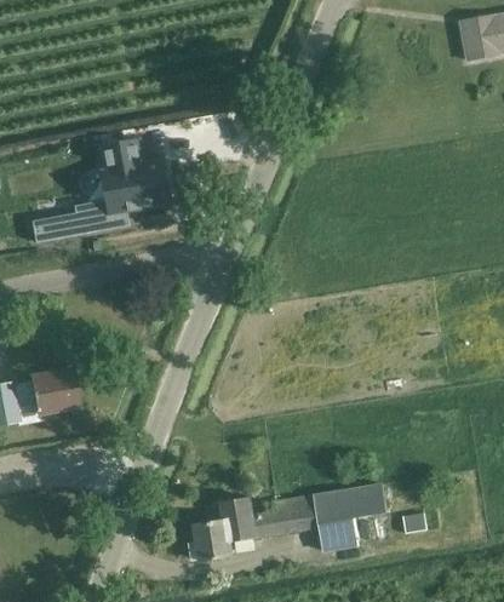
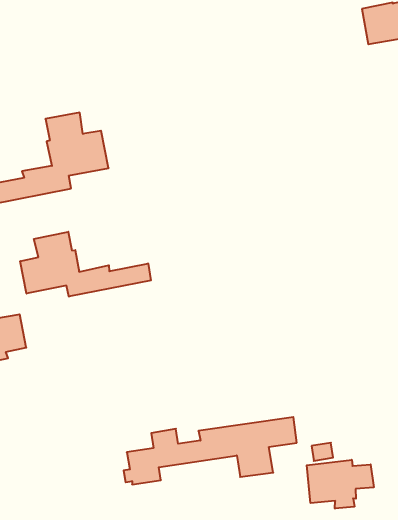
building: none -> [20,232,151,297]
building: none -> [307,460,374,509]

